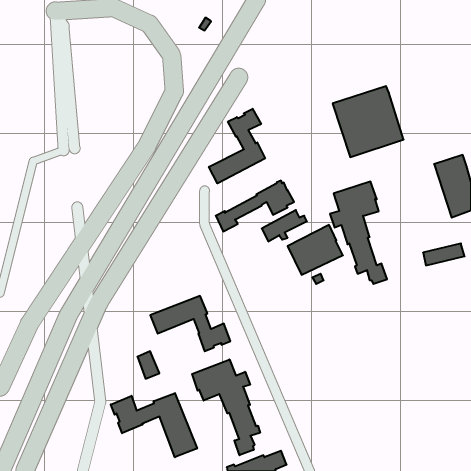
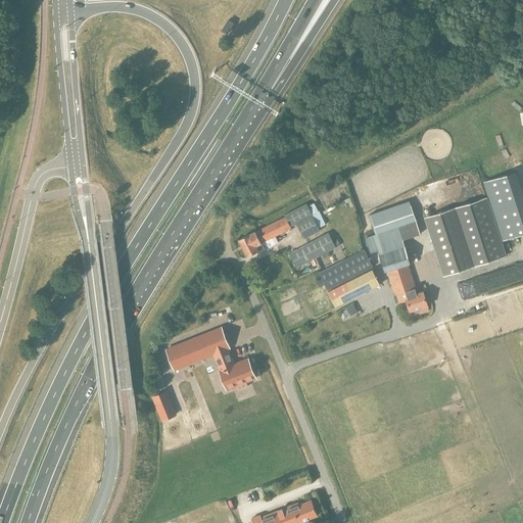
building: [333,86,404,157] -> [424,198,503,277]
building: [209,109,265,183] -> none
building: [192,359,260,455] -> none
building: [111,393,197,457] -> none

